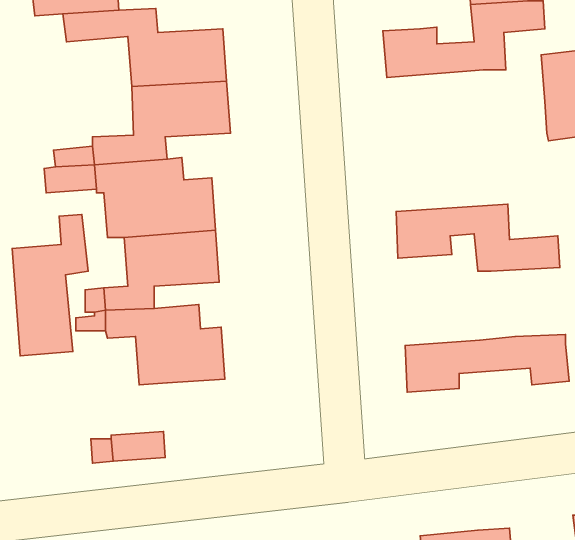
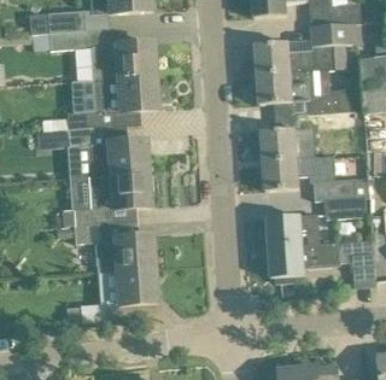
building: none -> [257,69,361,113]
building: none -> [261,128,335,160]
building: [12,214,88,356] -> none
building: none -> [324,197,372,223]
building: none -> [267,214,317,247]
building: none -> [115,269,154,305]

